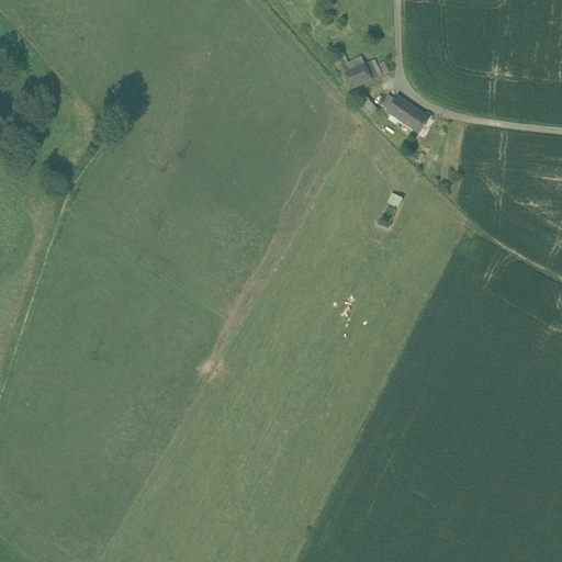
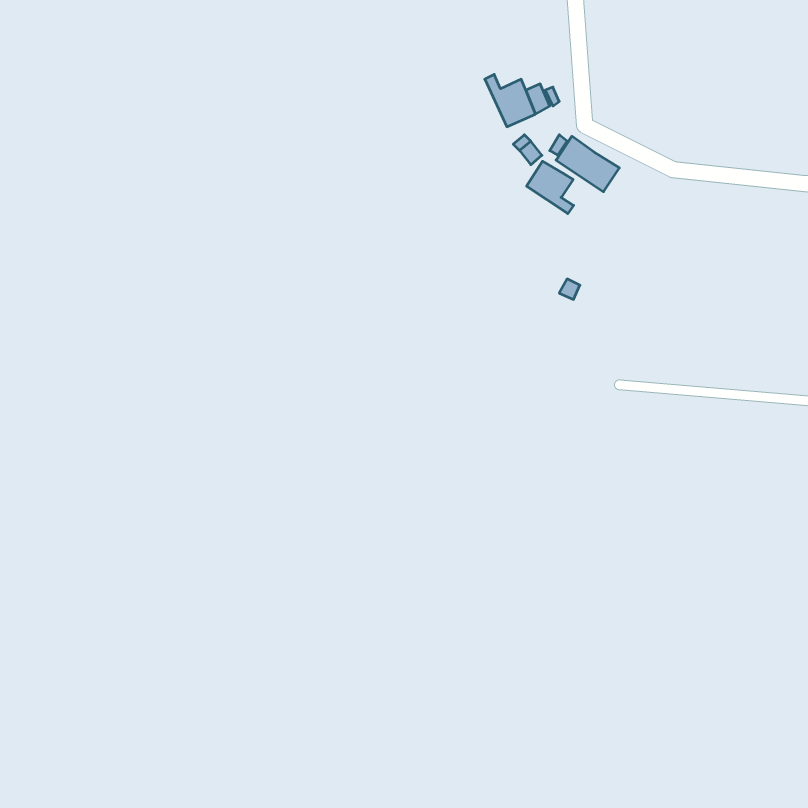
building: none -> [527,161,574,214]

